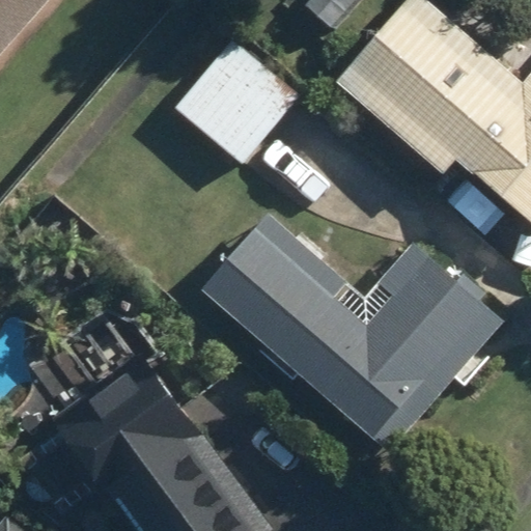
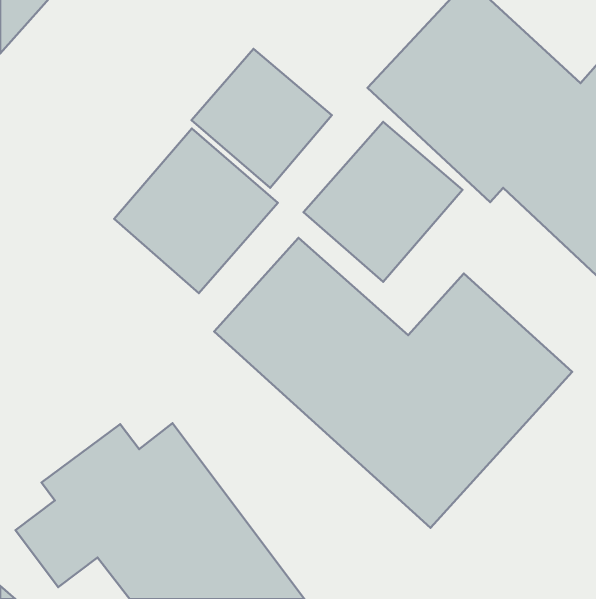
building: none -> [304,122,463,282]
building: none -> [114,129,278,293]

